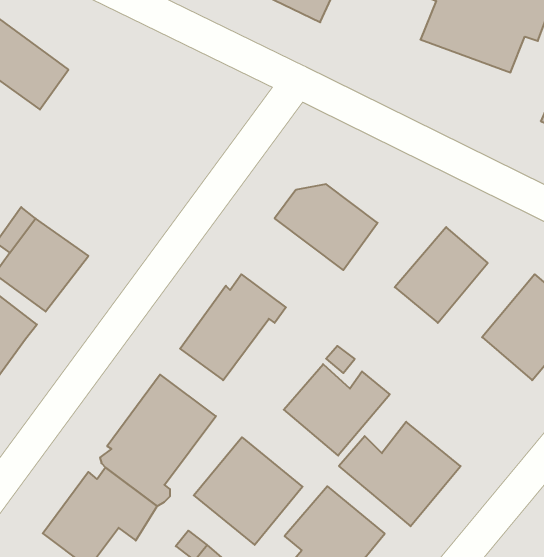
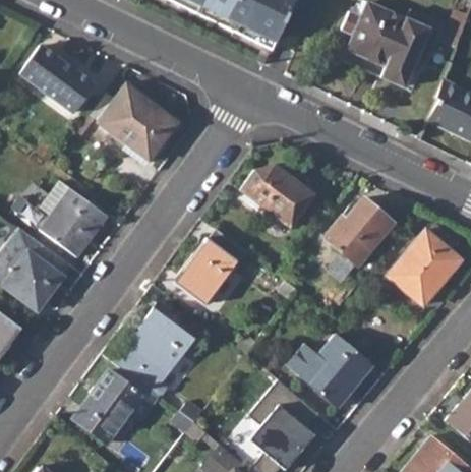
building: none -> [98,83,179,161]
building: [284,364,390,456] -> none
building: [194,437,303,545] -> none

